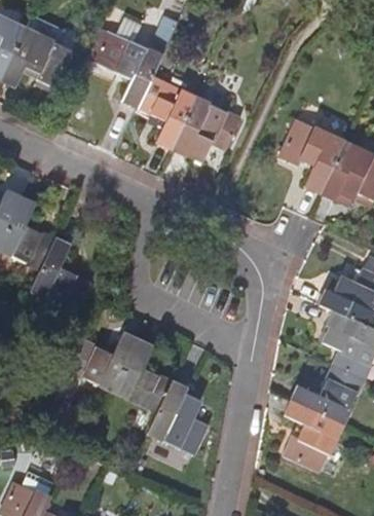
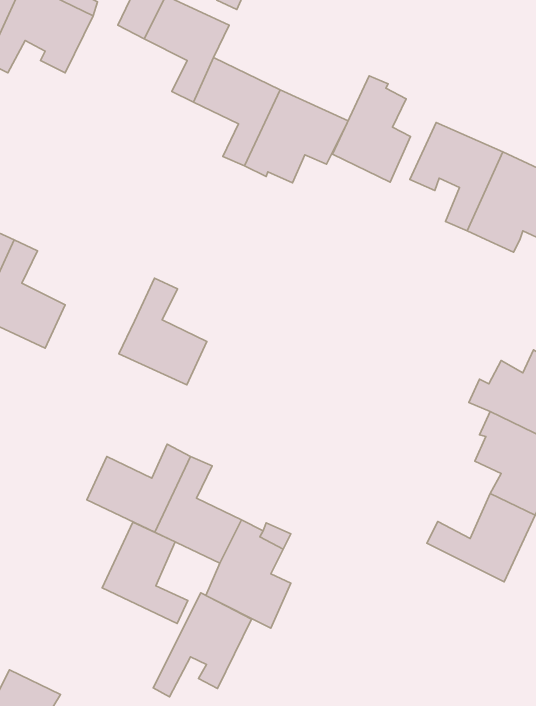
building: none -> [333,76,410,182]
building: [29,241,87,311] -> [119,278,207,385]
building: none -> [102,522,188,623]
building: [285,399,344,469] -> none
building: none -> [153,593,252,697]

